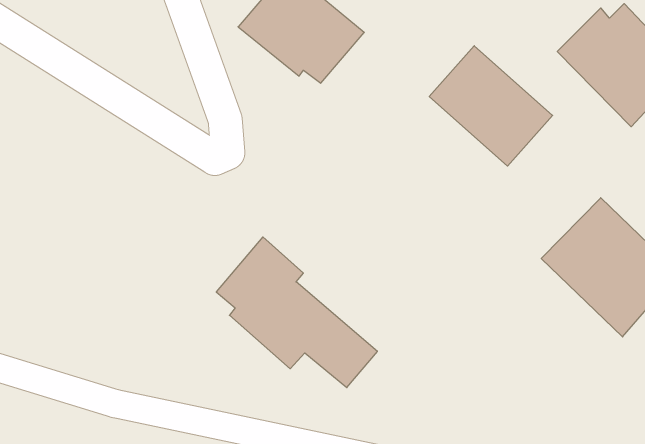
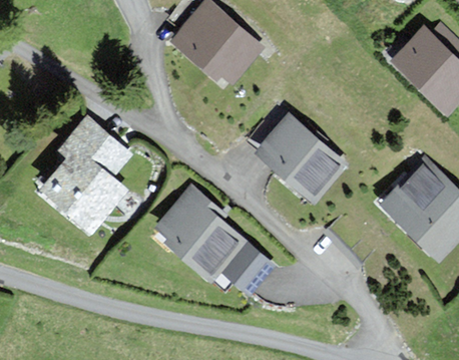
building: [429,46,553,166] -> [259,115,344,199]
building: none -> [41,119,129,232]

